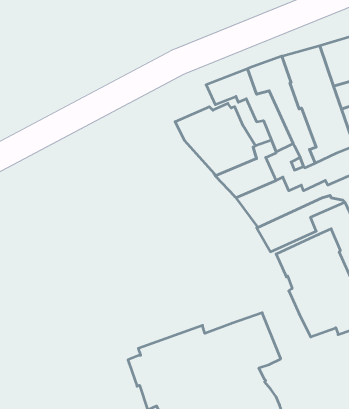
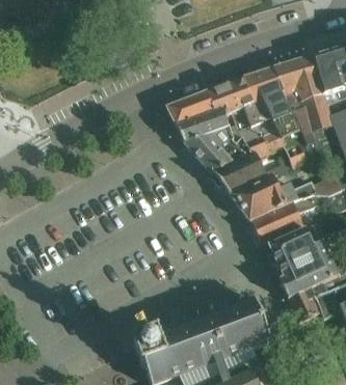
building: none -> [165,90,263,145]

